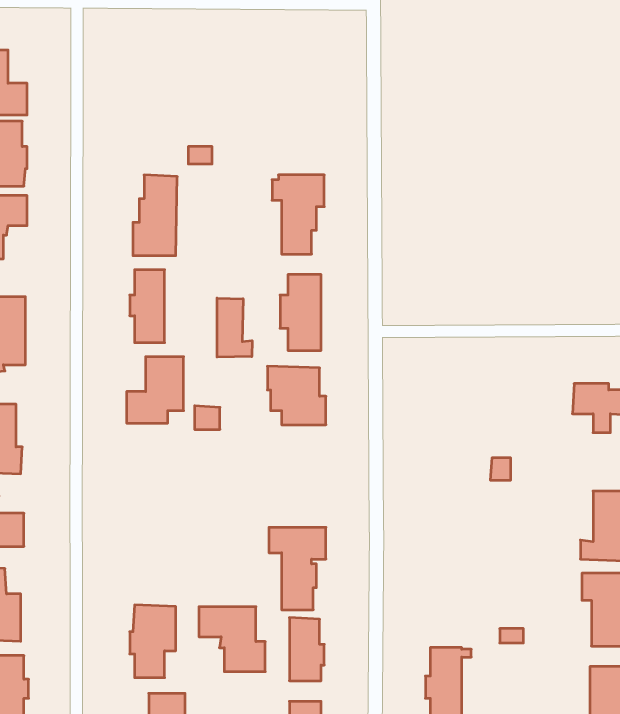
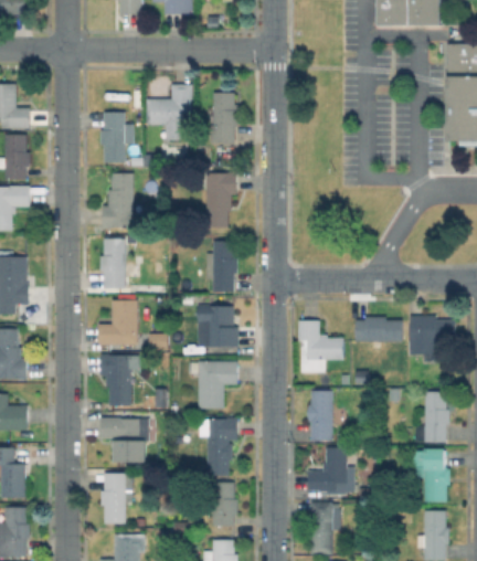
building: none -> [147,84,193,140]
building: none -> [213,93,238,144]
building: none -> [102,113,135,163]
building: [217,298,252,357] -> none
building: none -> [356,317,403,341]
building: none -> [299,320,345,373]
building: none -> [100,354,139,405]
building: none -> [190,361,237,409]
building: none -> [309,391,333,441]
building: none -> [308,447,356,496]
building: [199,607,265,672] -> [100,417,147,463]

